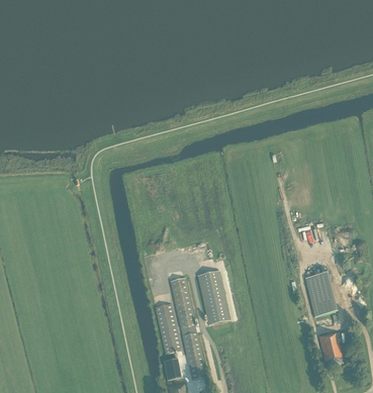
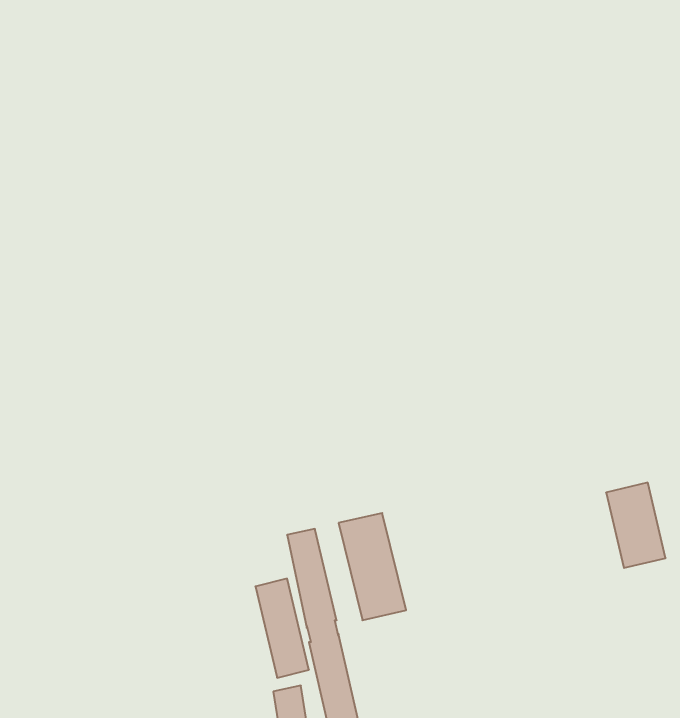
building: [305,273,336,316] -> [606,483,666,568]
building: [319,331,343,366] -> none

